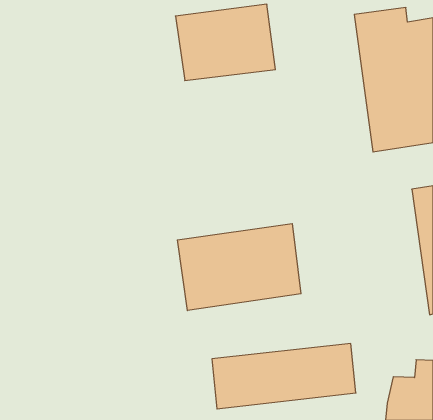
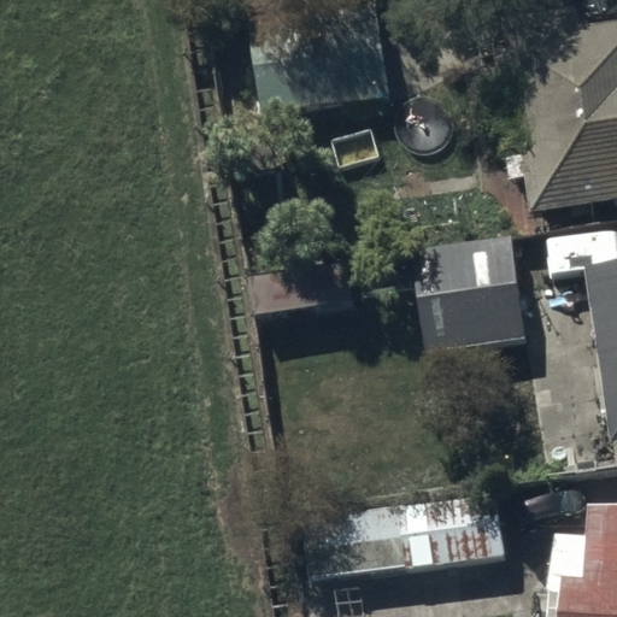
building: none -> [411,234,528,355]
building: [177,224,301,311] -> none

